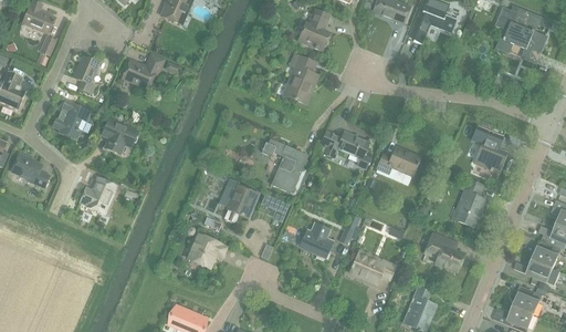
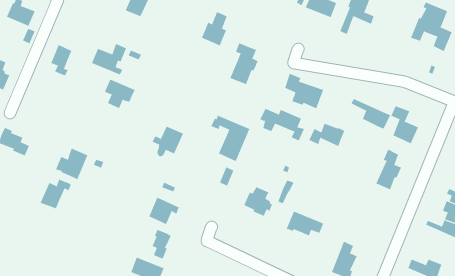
building: [297,9,328,50] -> [201,11,228,46]
building: none -> [284,73,324,109]
building: [52,98,91,138] -> none
building: [101,117,137,153] -> [104,79,135,109]
building: none -> [351,98,391,129]
building: [220,184,258,220] -> [152,126,184,157]
building: none -> [40,179,72,209]
building: [426,232,462,270] -> none
building: none -> [152,229,172,259]
building: [514,284,542,313] -> none

